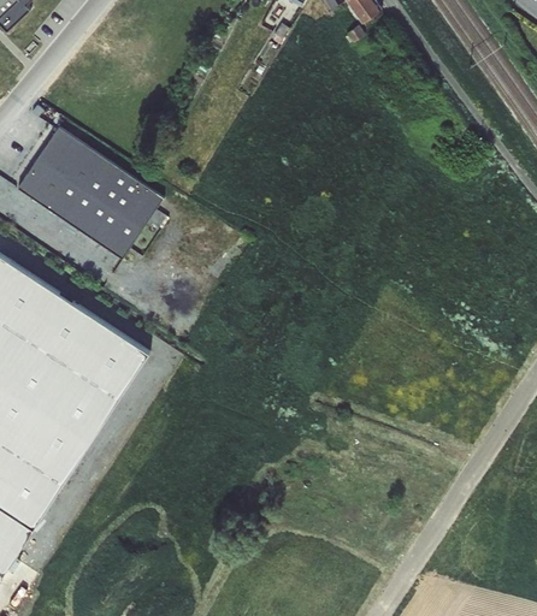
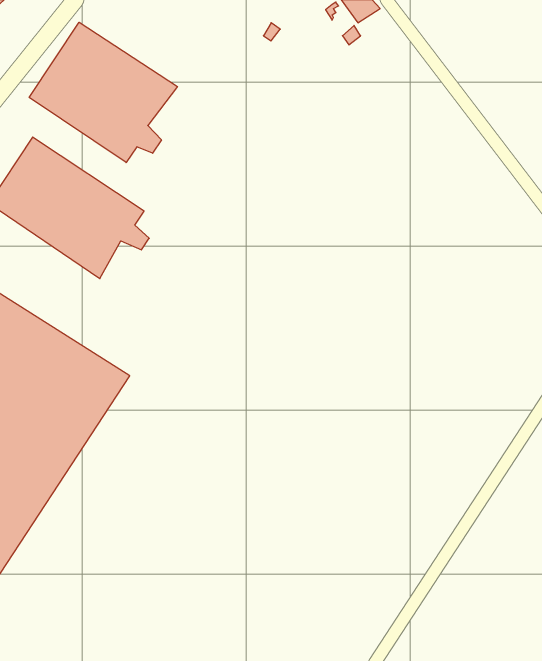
building: none -> [29,22,177,163]

